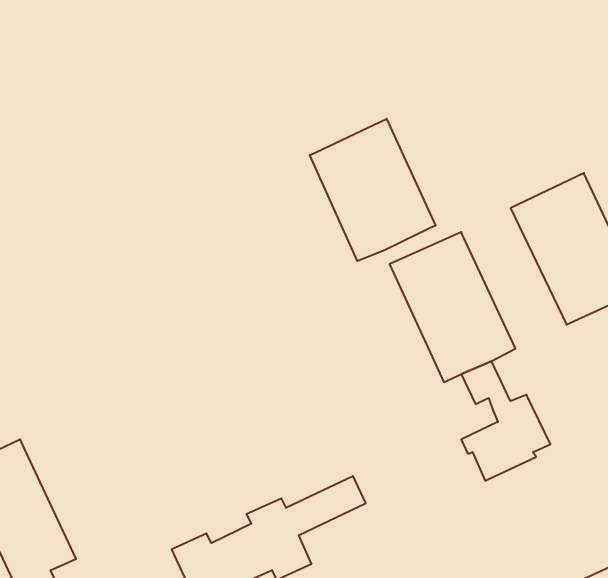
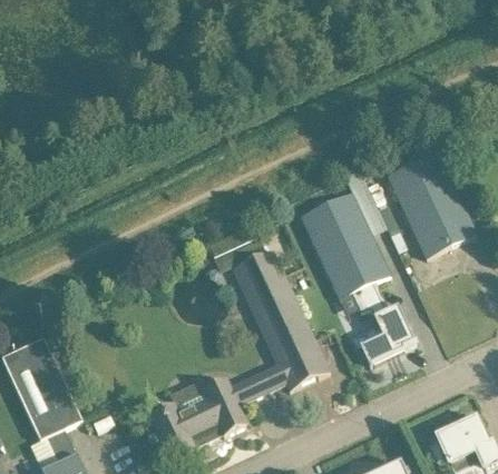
building: [310,119,436,261] -> none
building: none -> [233,249,330,389]

